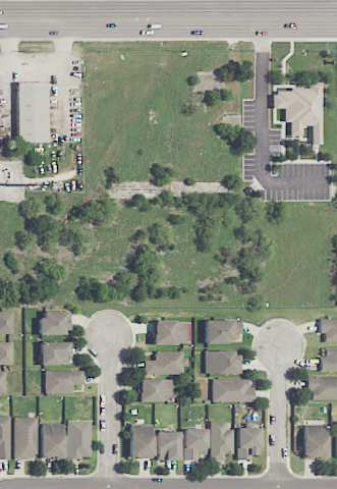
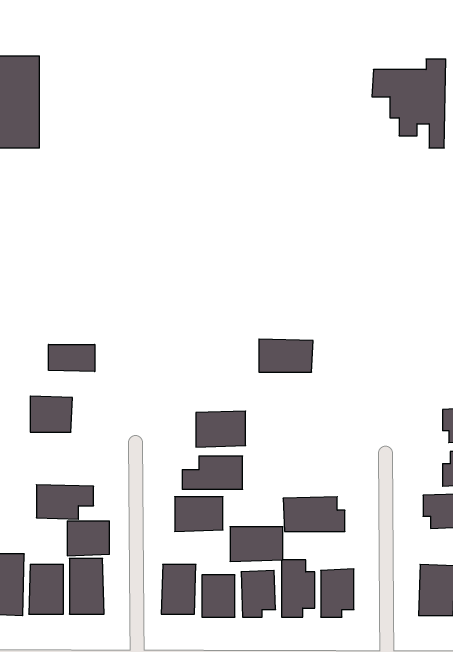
building: none -> [49,344,95,372]
building: [206,319,242,341] -> [259,339,313,372]
building: [42,341,70,365] -> [67,521,109,556]
building: [206,350,241,374] -> [230,527,283,561]

